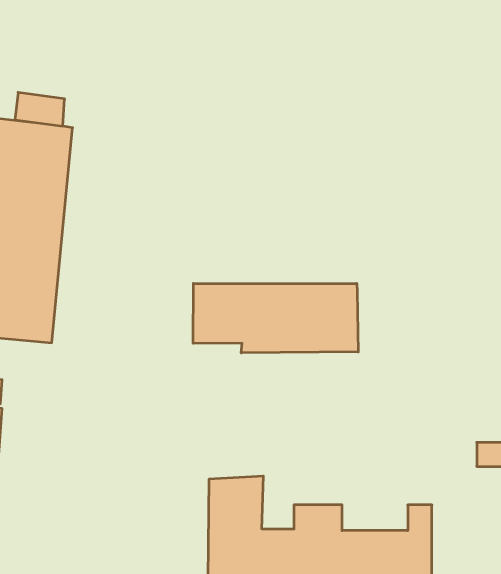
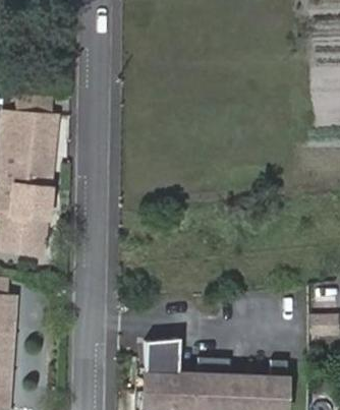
building: [193,283,358,353] -> none

